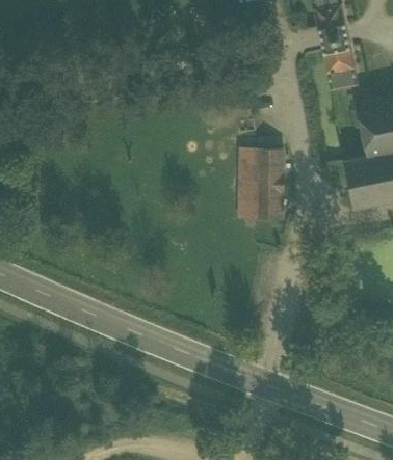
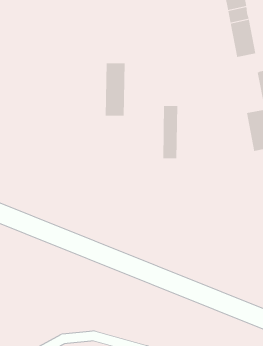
building: [257,154,283,221] -> [105,63,125,116]

